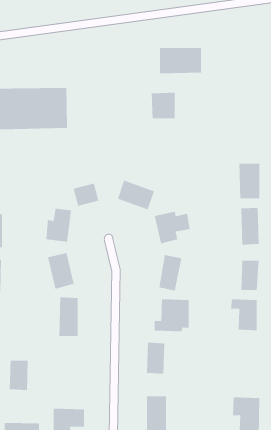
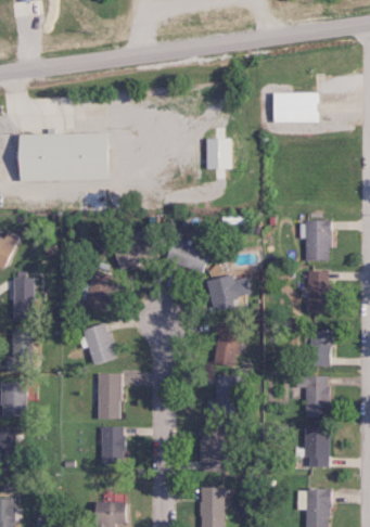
building: [159,47,202,74] -> [272,92,321,123]
building: none -> [305,427,330,466]
building: [9,360,29,390] -> [101,427,124,462]

